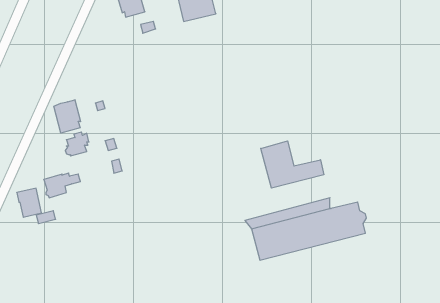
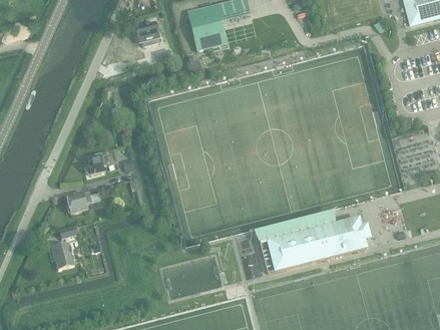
building: [54,100,81,133] -> none
building: [261,141,324,188] -> none
building: [17,188,41,217] -> [51,244,74,271]

